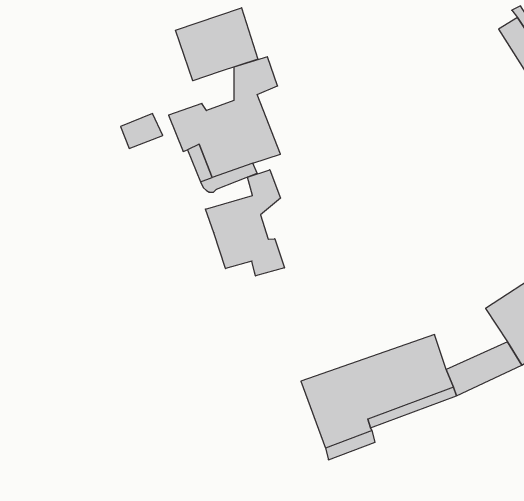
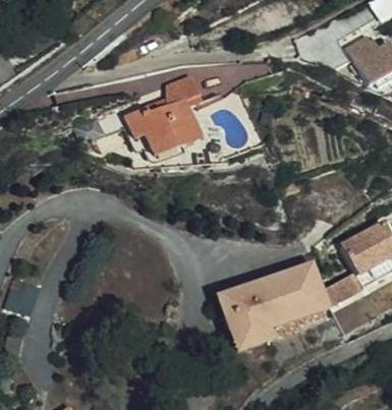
building: [176,8,258,81] -> none
building: [205,170,284,276] -> none

